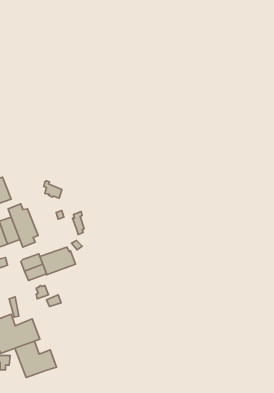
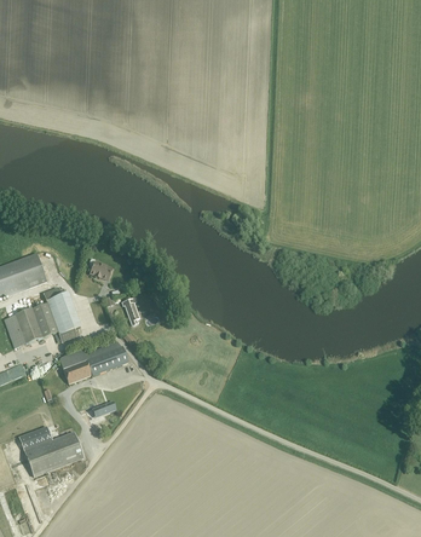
building: [15,341,57,378] -> none

